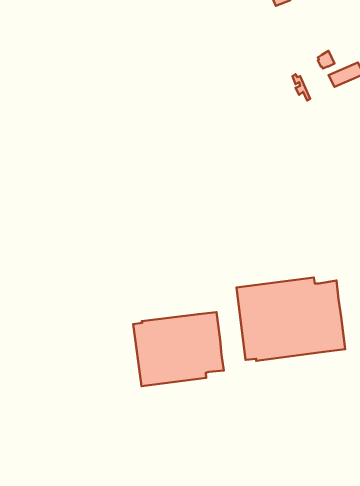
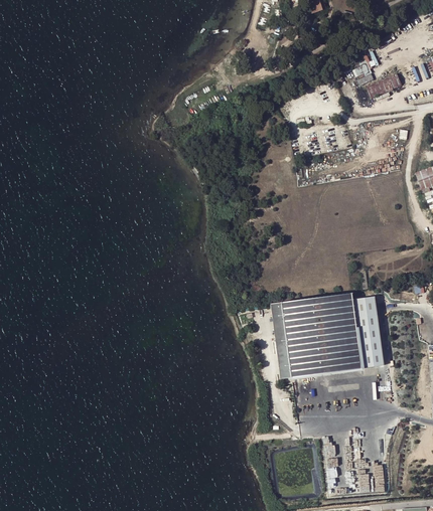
building: [133,312,224,386] -> none

